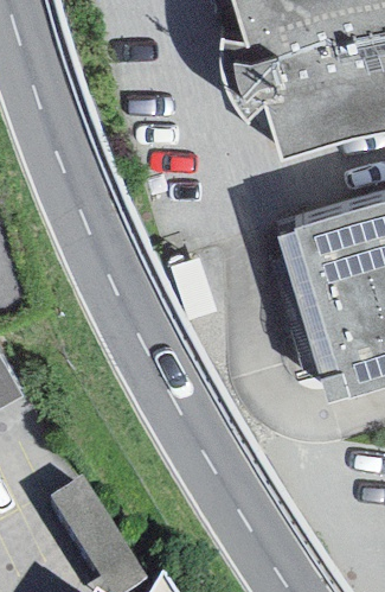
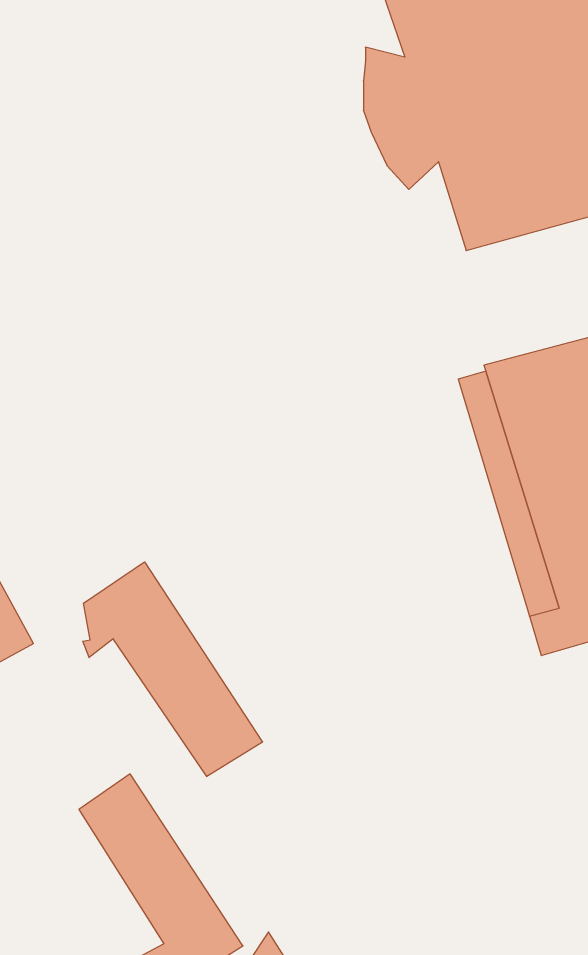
building: none -> [83,562,263,777]

